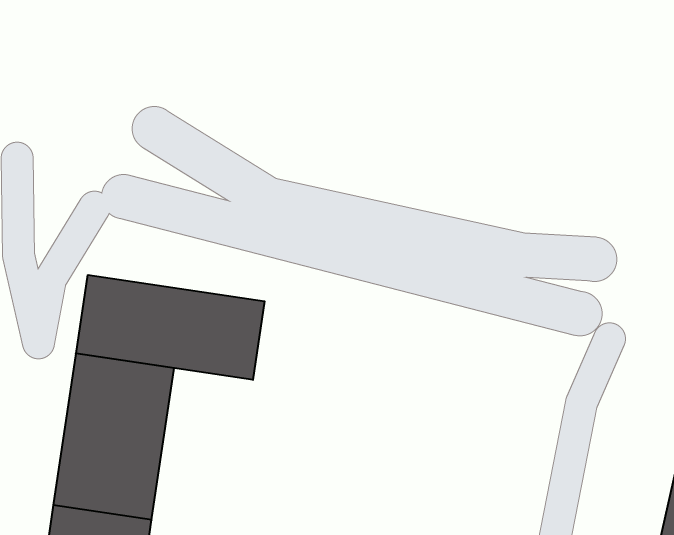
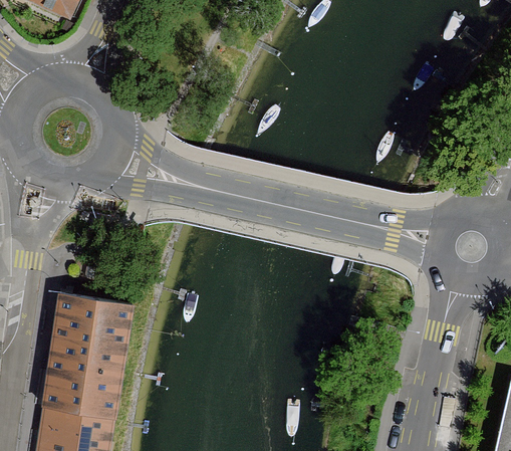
building: [76,275,265,380] -> none

